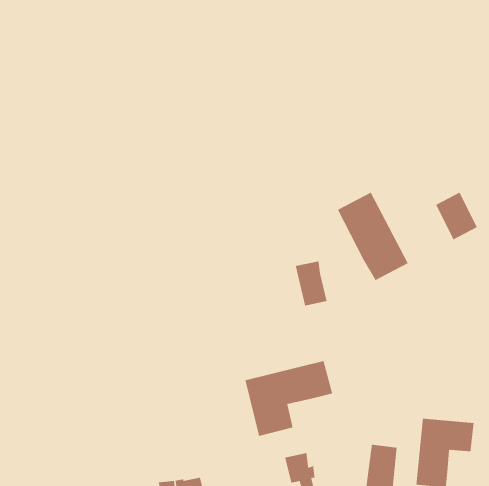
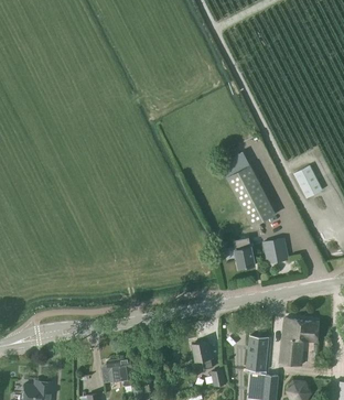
building: [295,260,328,306] -> [233,238,255,269]
building: none -> [264,238,288,263]
building: [245,360,333,437] -> none

